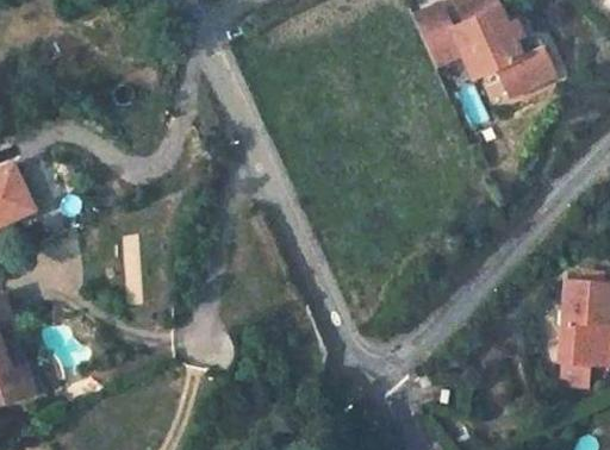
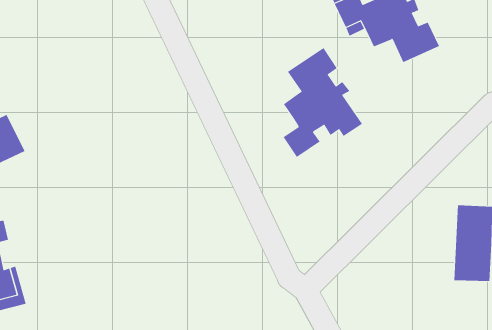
building: none -> [283,47,363,158]

